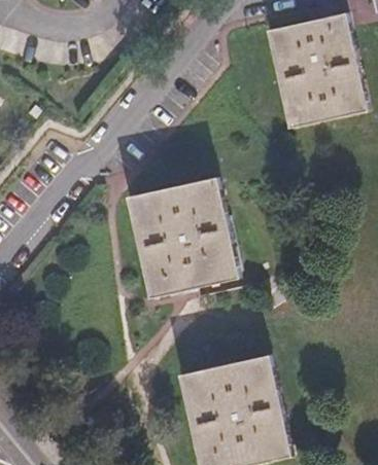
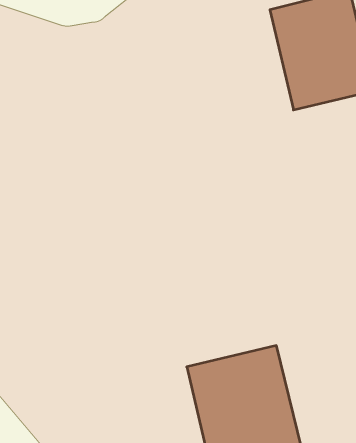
building: [124,177,239,298] -> none

